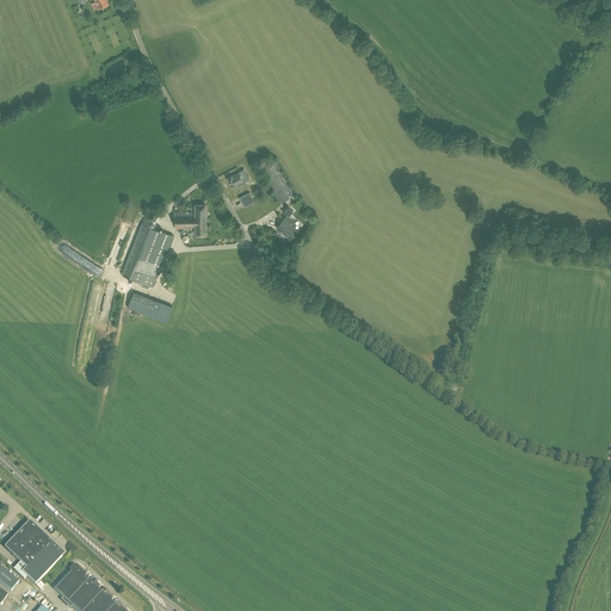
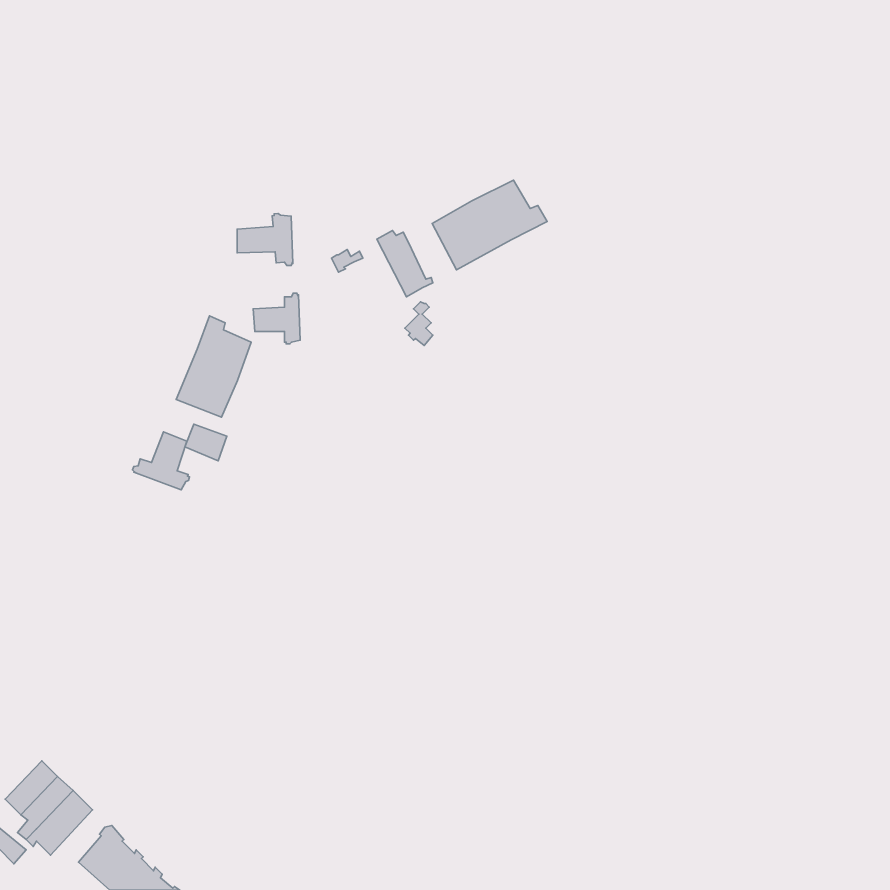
building: none -> [432,180,547,270]
building: none -> [237,213,293,266]
building: none -> [133,432,190,490]

